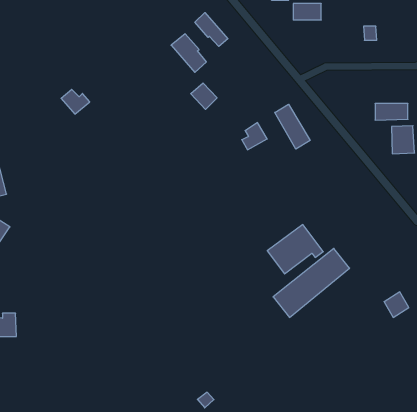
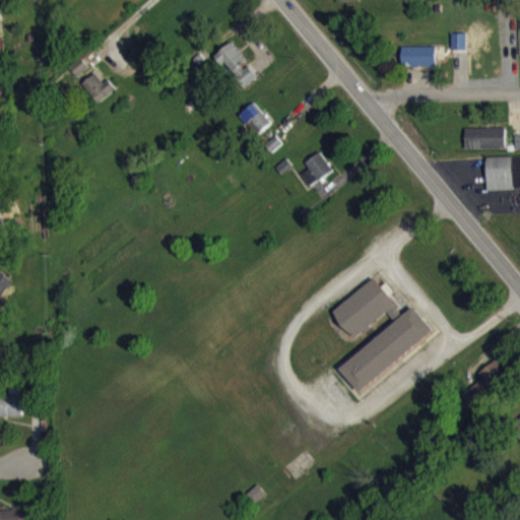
building: [293,4,321,20] -> [399,46,434,66]
building: [195,13,228,46] -> none
building: [61,89,90,114] -> [78,72,114,103]
building: [275,104,310,149] -> none

